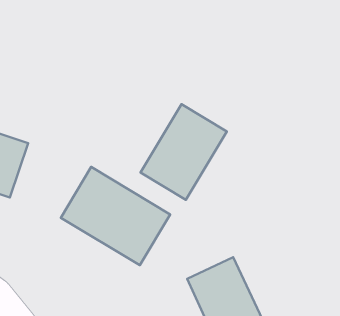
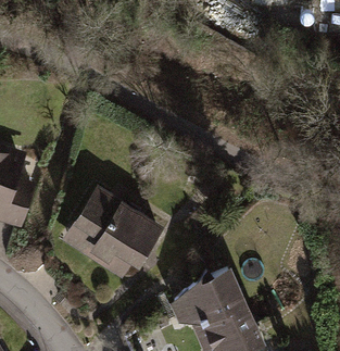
building: [141,104,227,200] -> none

